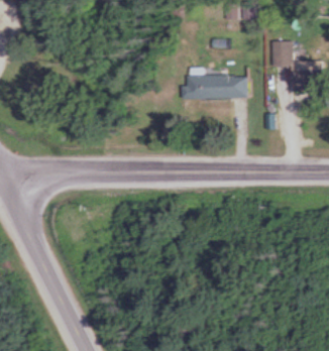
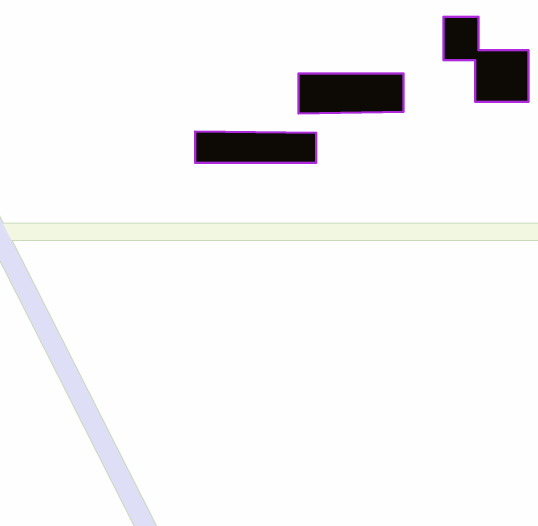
building: none -> [195,132,316,163]

